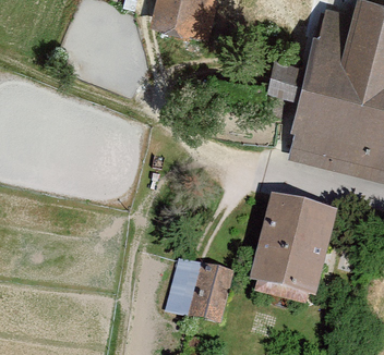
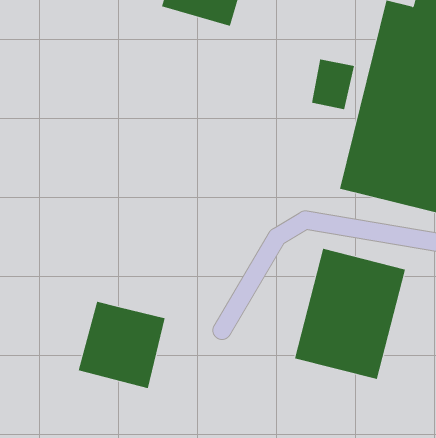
building: [166,259,233,327] -> [78,301,166,389]

